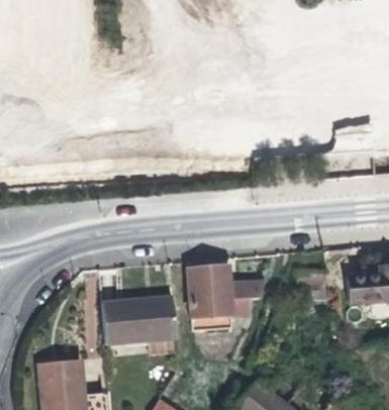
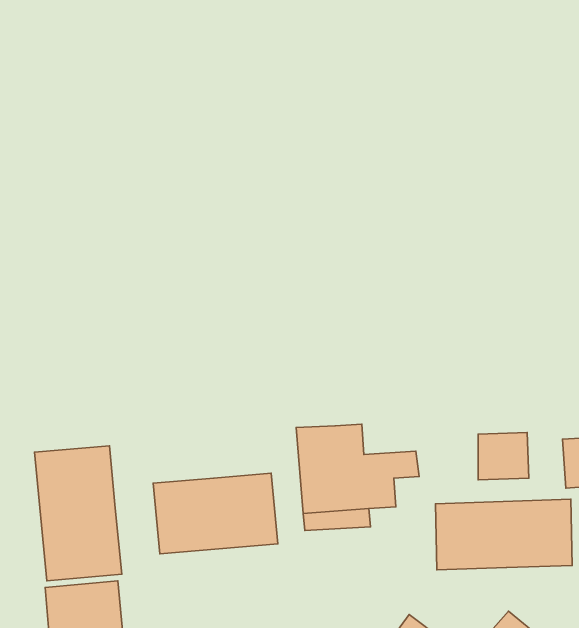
building: none -> [35,446,122,581]
building: none -> [436,499,572,570]

